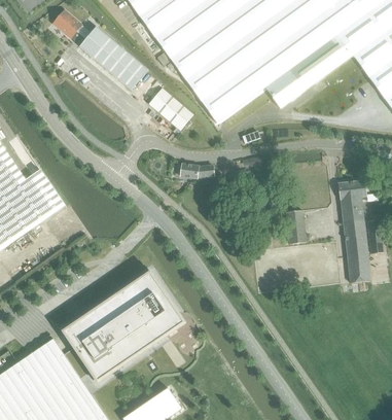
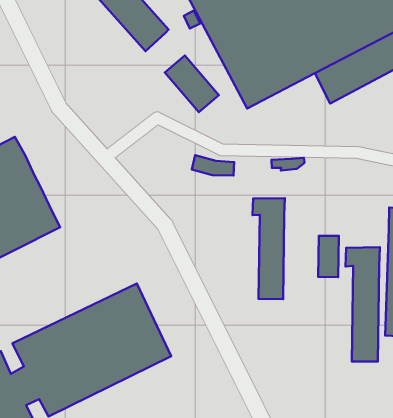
building: none -> [253,198,285,299]
building: none -> [346,247,380,362]

